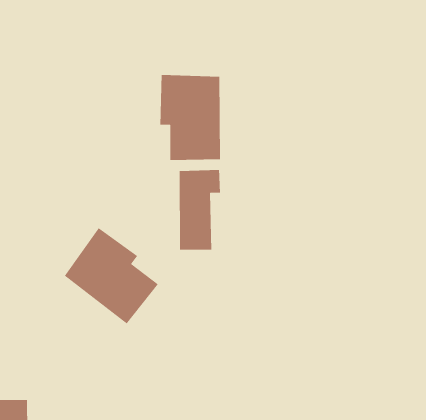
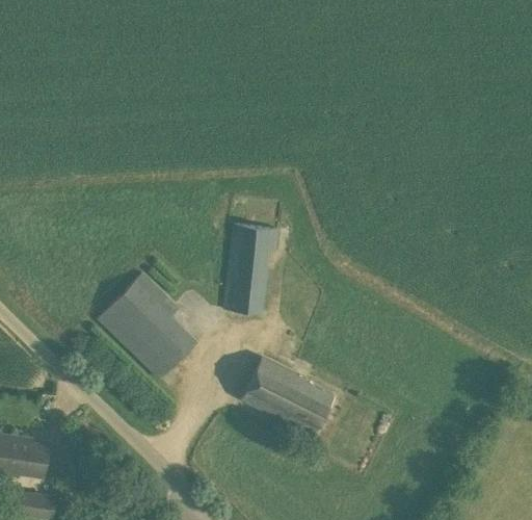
building: [160,74,221,161] -> none
building: none -> [243,359,332,434]

